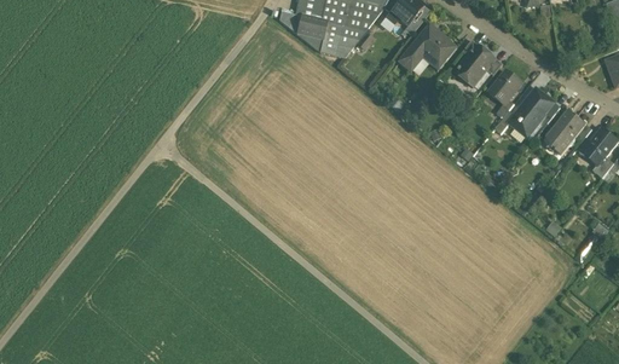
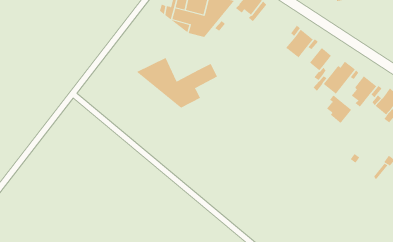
building: [399,23,457,69] -> none
building: none -> [136,57,218,108]
building: none -> [326,95,353,124]

